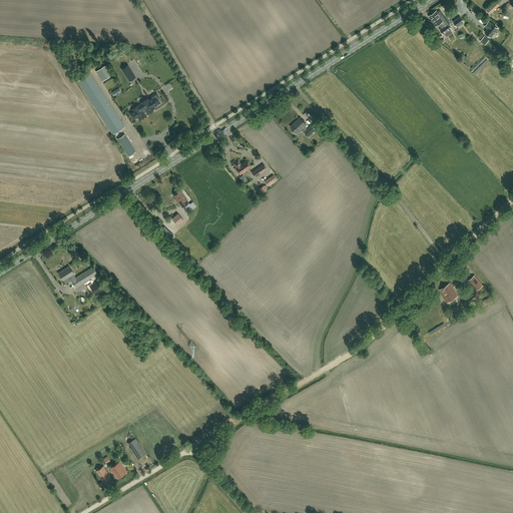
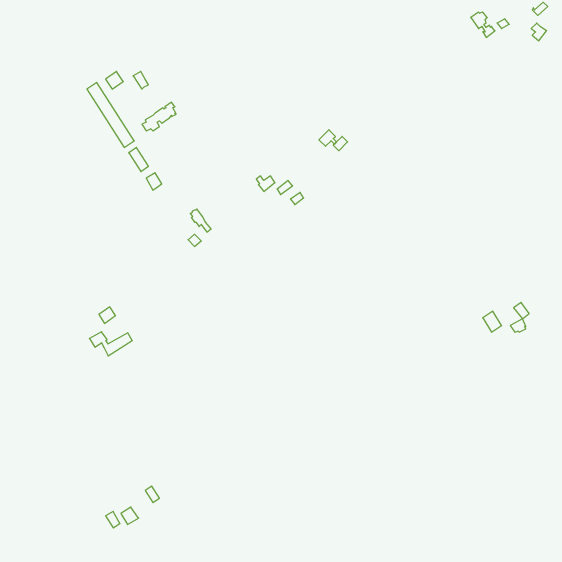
building: [58,267,97,289] -> [89,332,132,356]

